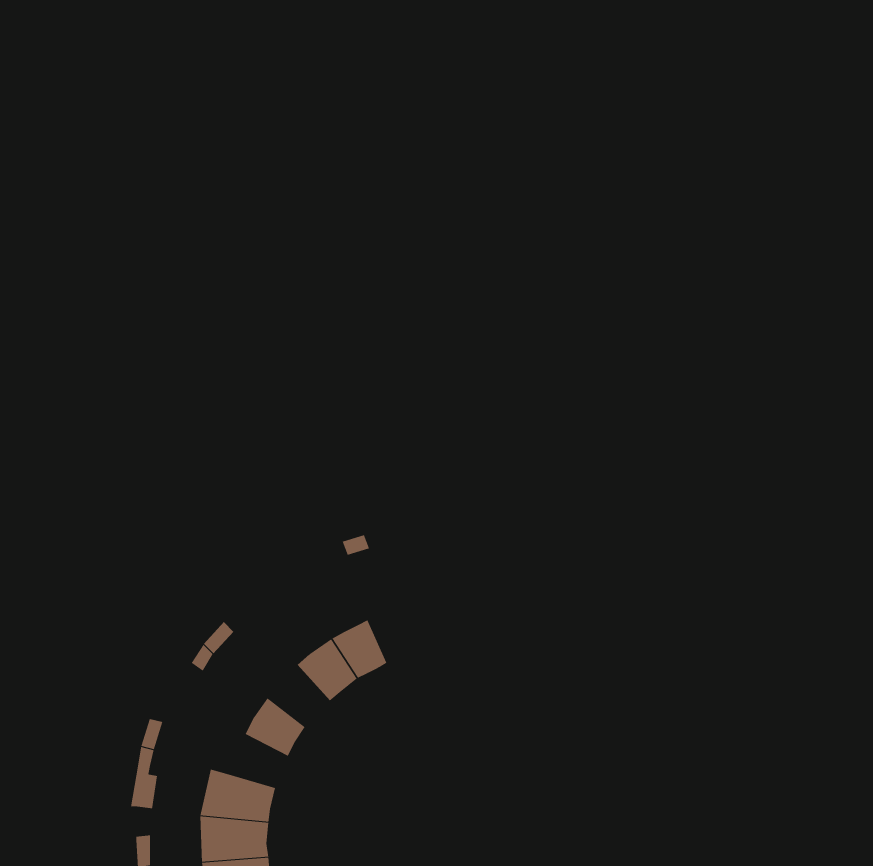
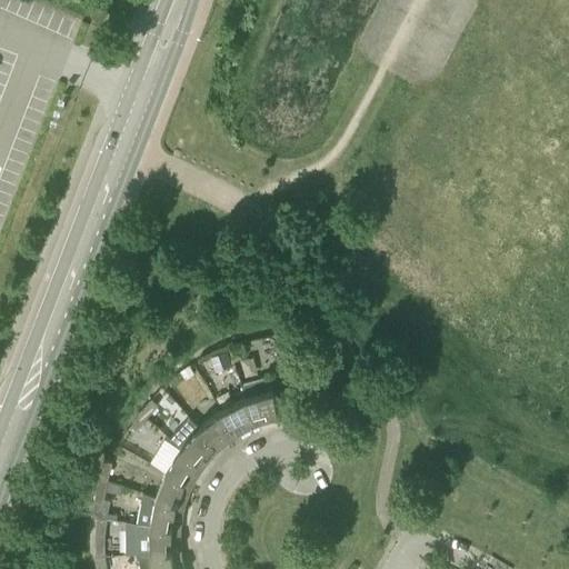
building: none -> [232,388,270,438]
building: none -> [162,430,211,479]
building: none -> [147,483,184,518]

